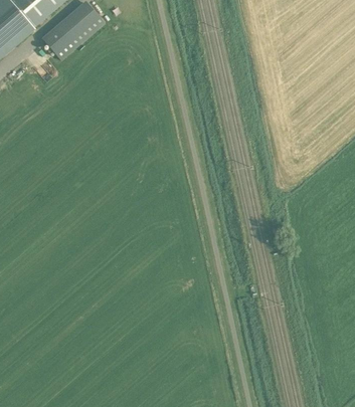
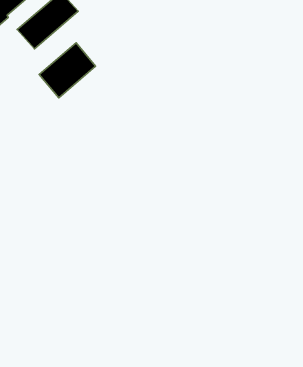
building: none -> [39,43,96,98]

